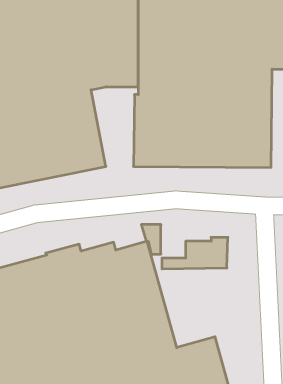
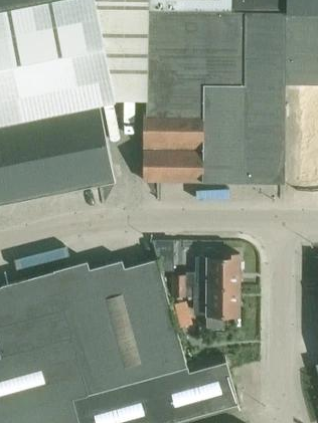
building: none -> [172,285,238,330]

